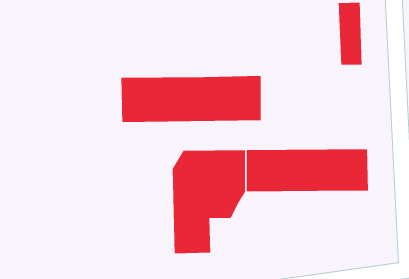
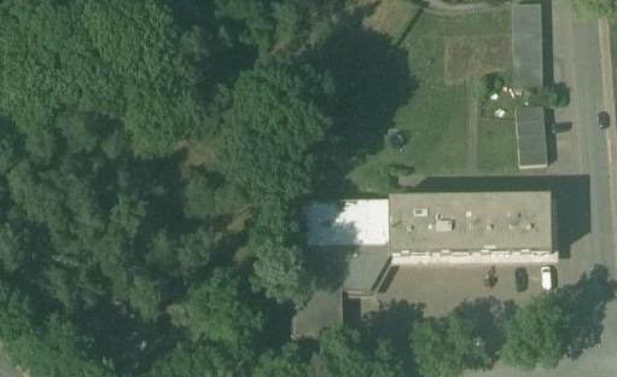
building: [121,75,262,123] -> none
building: none -> [516,105,547,164]

